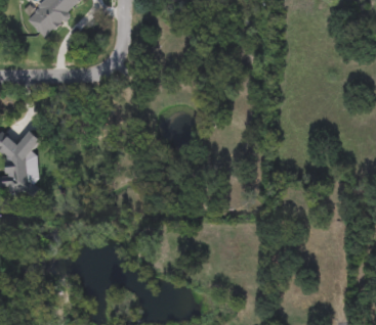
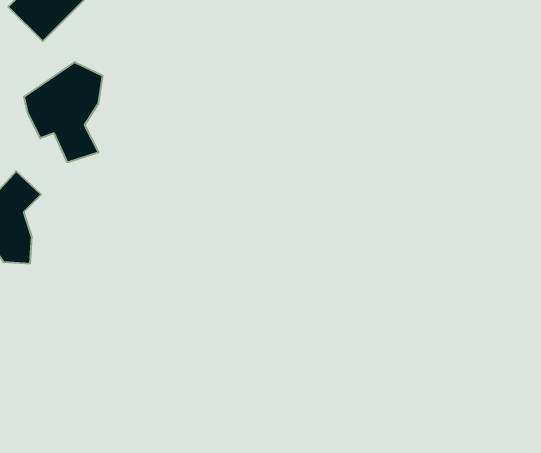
building: none -> [24,62,103,162]

